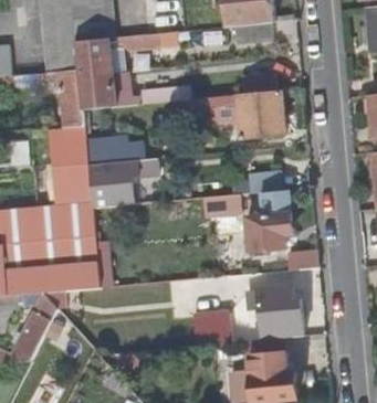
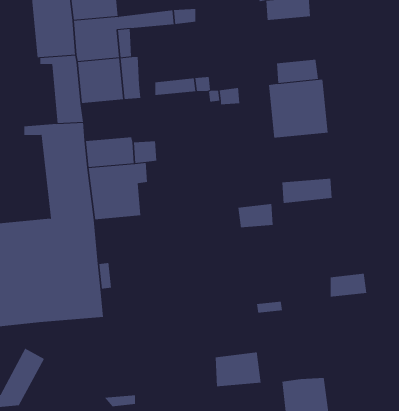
building: [247,213,294,252] -> none
building: [245,286,302,340] -> none

